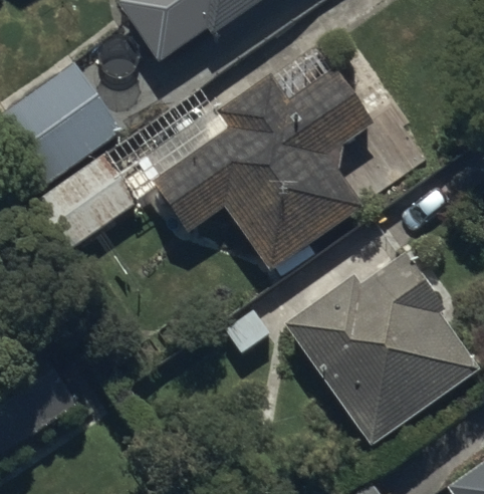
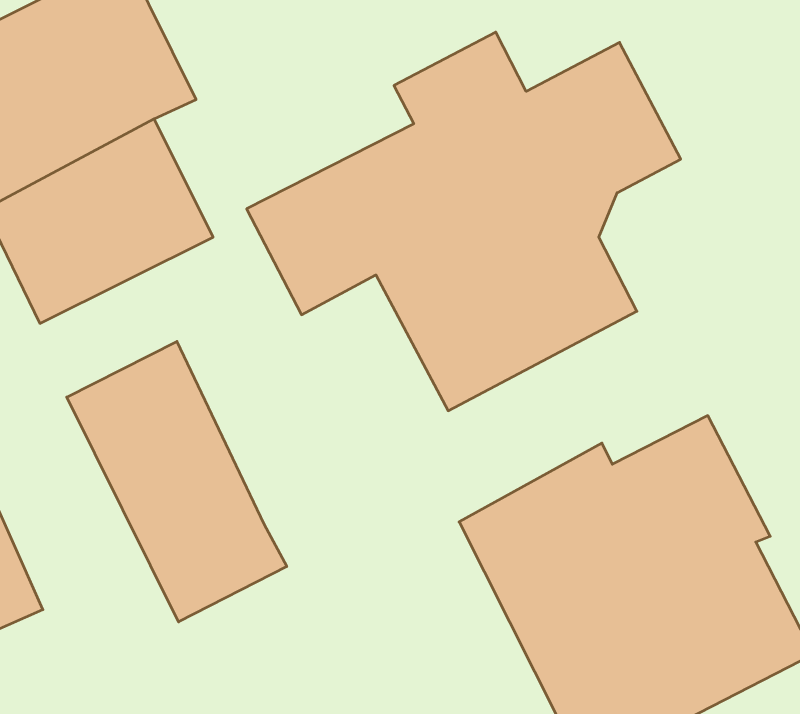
building: none -> [67,341,287,622]

